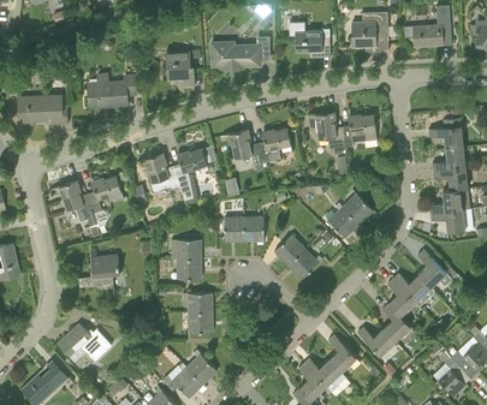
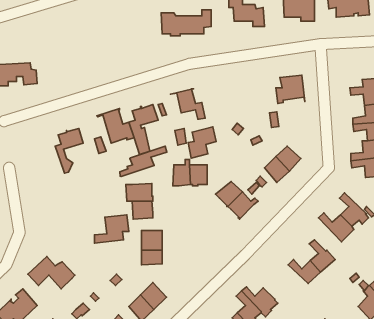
building: [162,52,194,87] -> none
building: [87,73,133,107] -> none
building: [307,112,345,154] -> none
building: [257,127,290,163] -> [188,127,216,158]
building: [51,180,97,226] -> none
building: none -> [120,146,167,177]
building: [78,255,118,287] -> [94,215,129,243]
building: [386,279,420,317] -> none
building: [327,334,357,373] -> none

